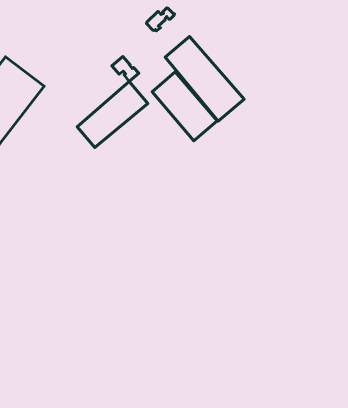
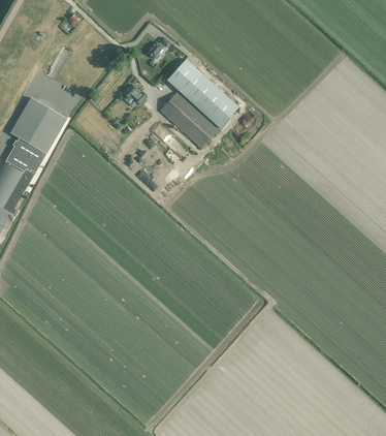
building: [77,82,148,148] -> none

